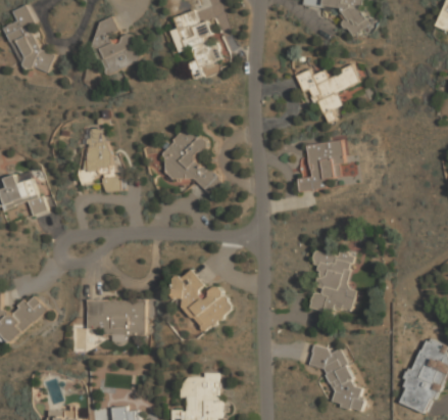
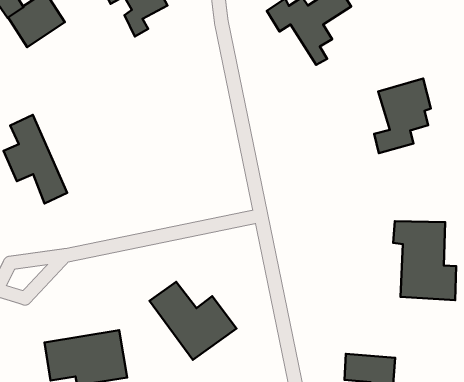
building: [159,125,221,198] -> none
building: [297,141,343,192] -> [374,79,431,153]
building: [310,248,356,316] -> [393,221,456,300]

